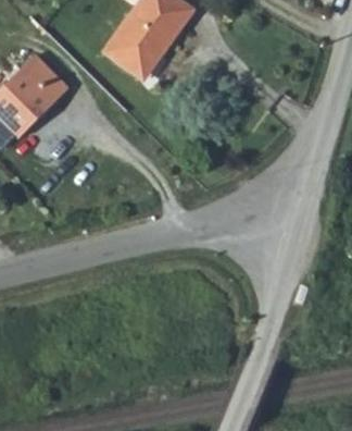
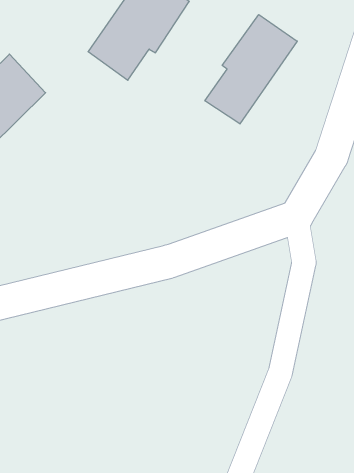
building: none -> [205,15,297,124]

